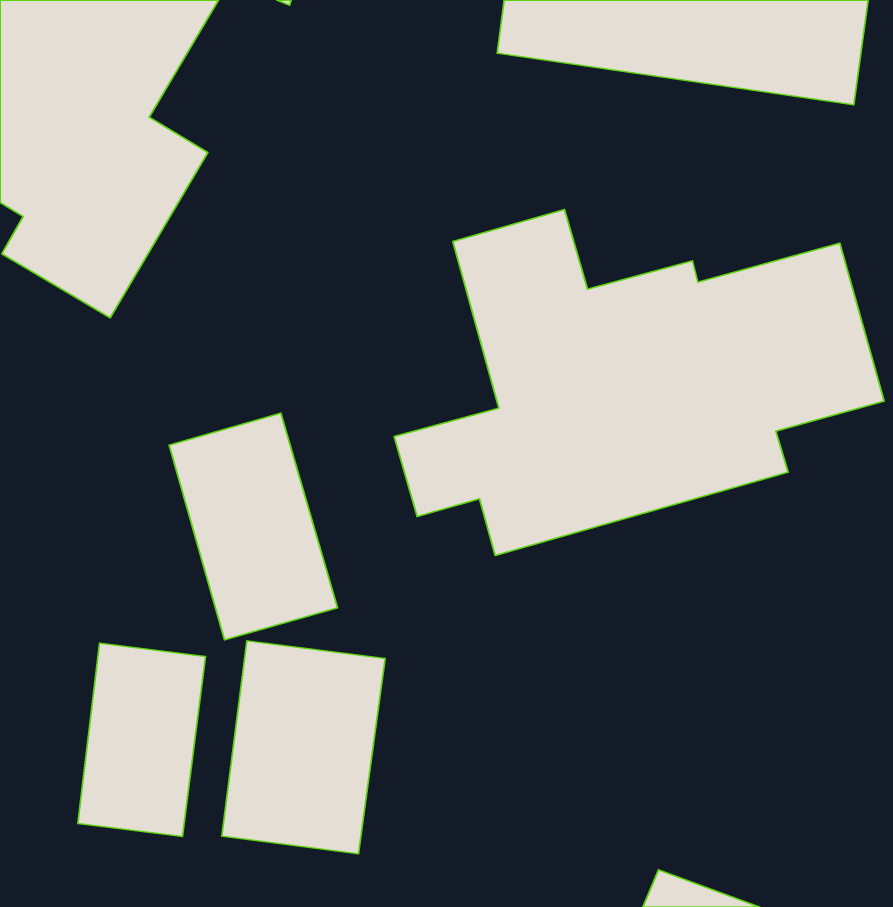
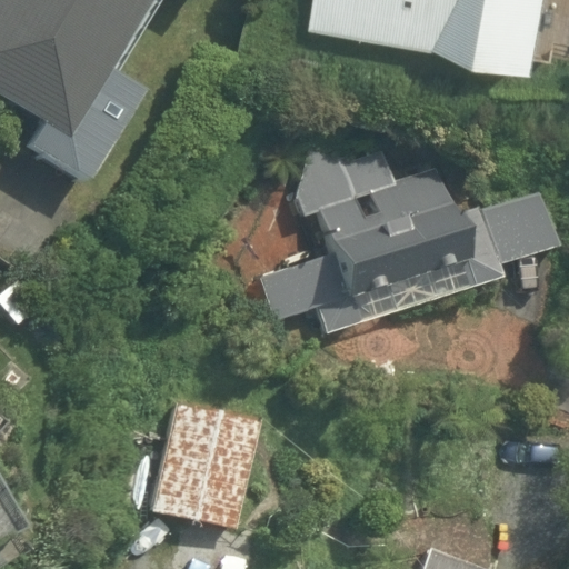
building: [169,413,338,640] -> none
building: [78,643,206,837] -> none

